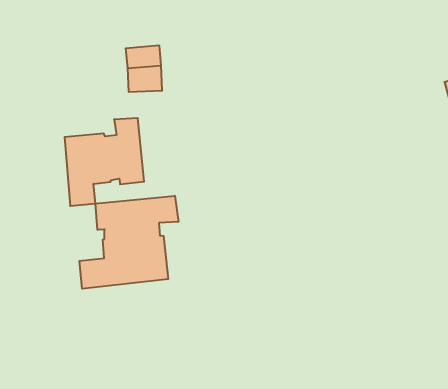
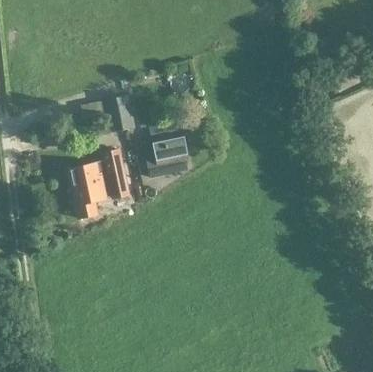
building: none -> [146,131,190,177]
building: [79,196,179,289] -> none

